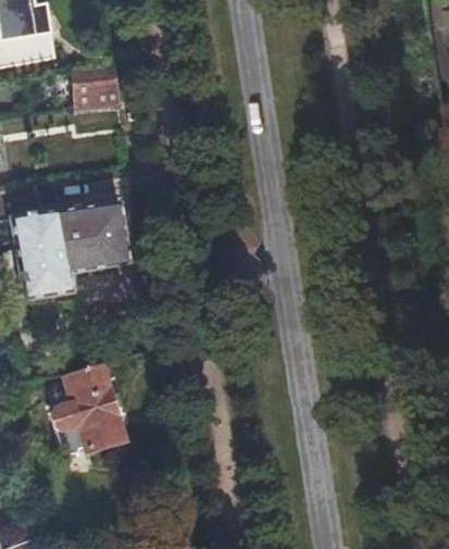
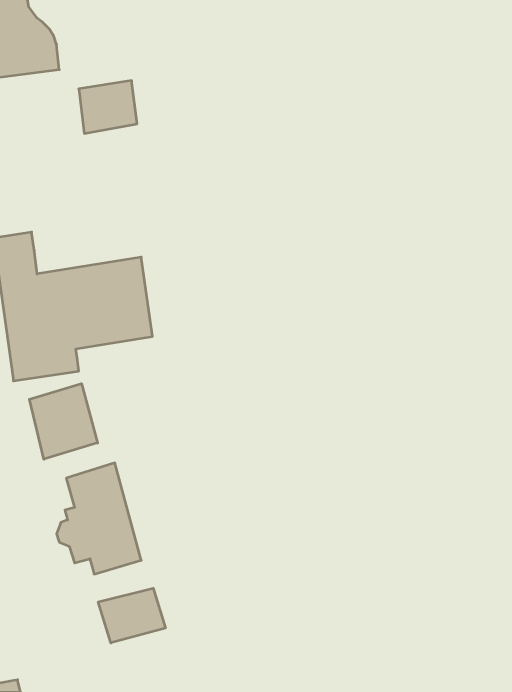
building: none -> [29,384,98,459]
building: none -> [98,588,165,643]

